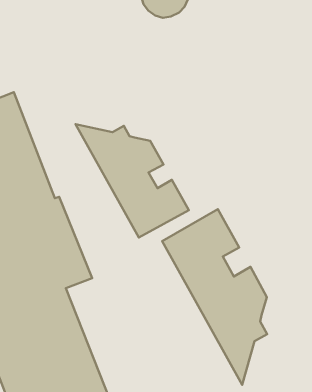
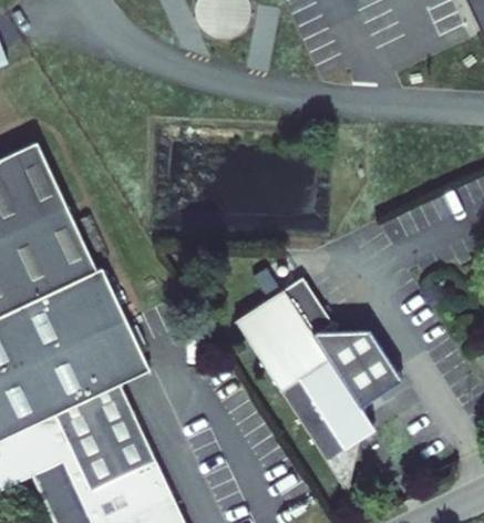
building: [76,124,189,238] -> none
building: none -> [313,329,404,404]

